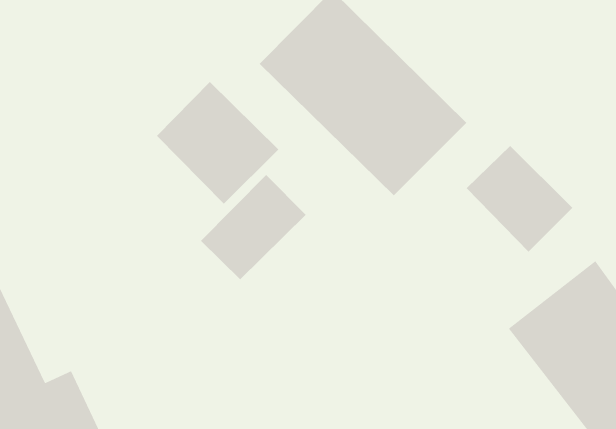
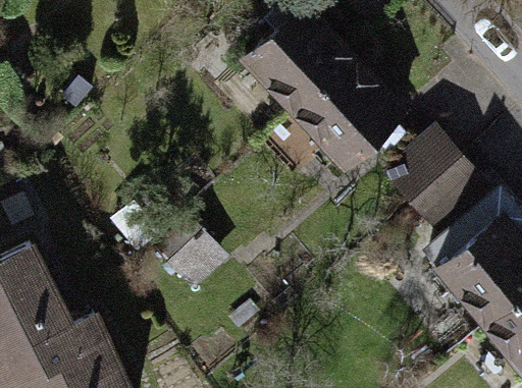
building: [156,81,279,204] -> none
building: [200,174,306,280] -> none

